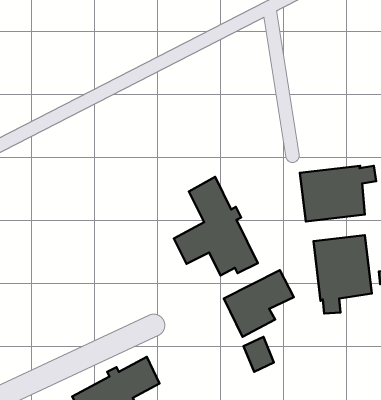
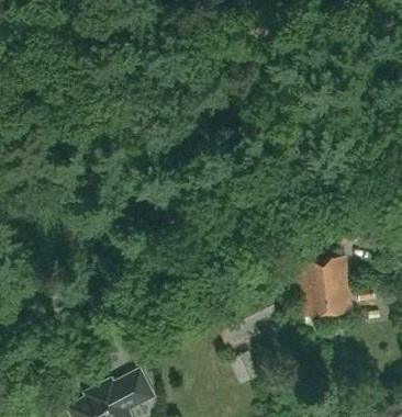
building: [300,166,376,221] -> none
building: [174,177,258,275] -> none

